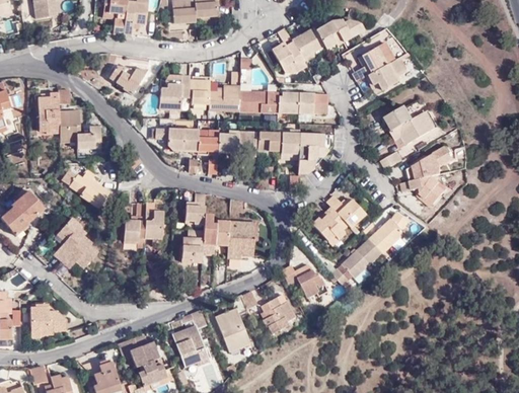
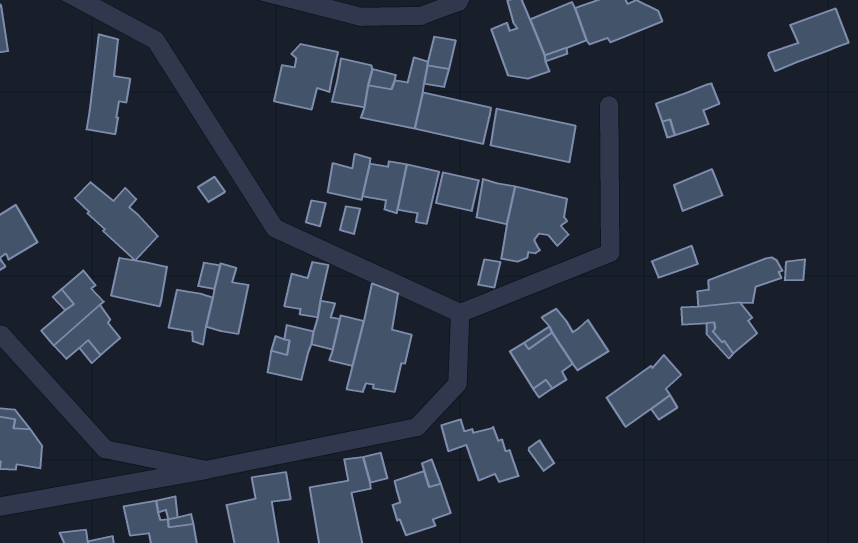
building: [352,44,394,83] -> [768,9,849,71]
building: [109,69,144,96] -> none
building: [39,91,61,132] -> none
building: [390,111,440,145] -> none
building: [77,127,101,149] -> none
building: [155,129,199,152] -> none
building: none -> [111,258,167,306]
building: [340,240,380,280] -> none

